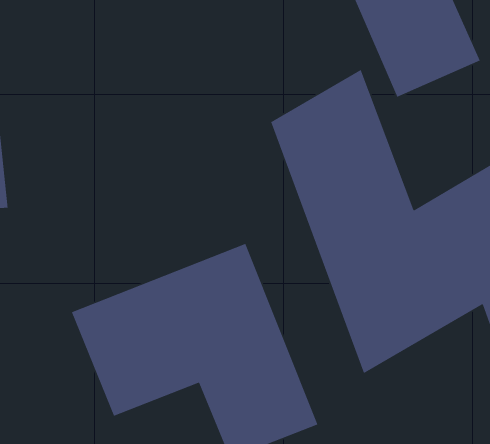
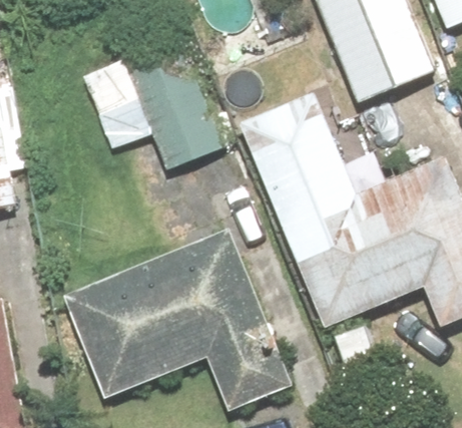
building: none -> [114,29,218,169]

